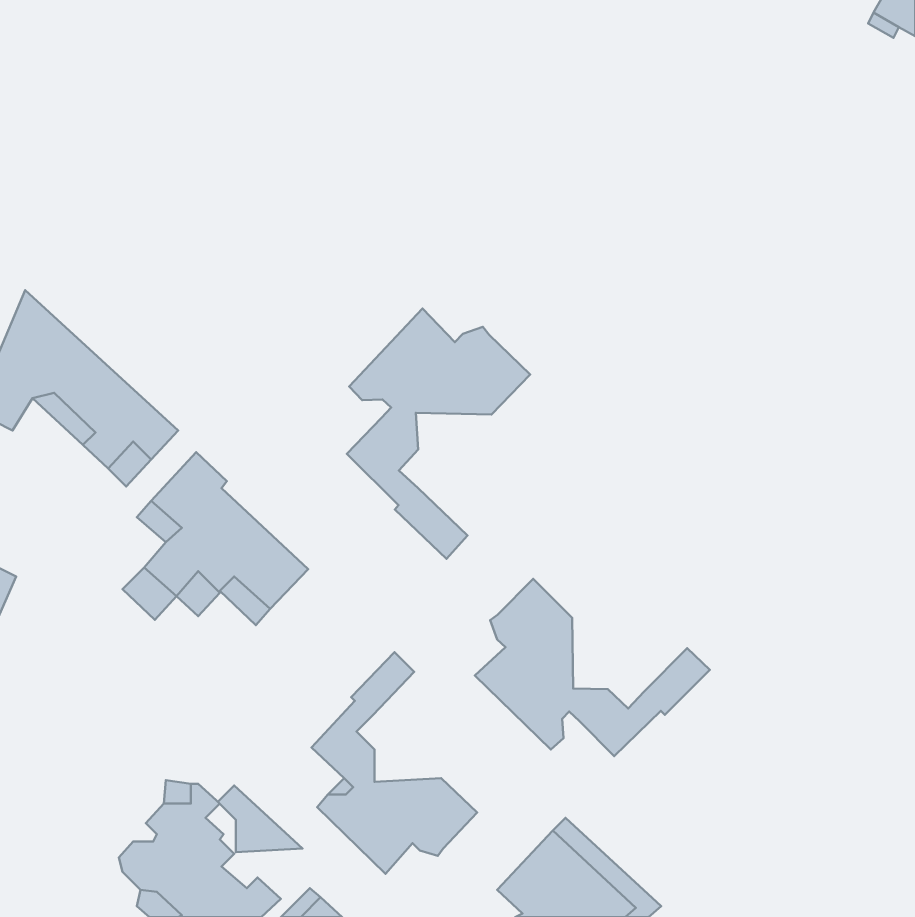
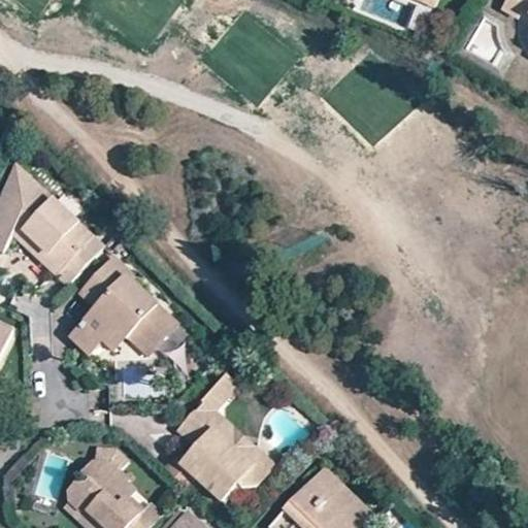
building: [347,308,530,559] -> none
building: [475,579,710,756] -> none
building: [218,785,303,852] -> [204,409,253,448]

